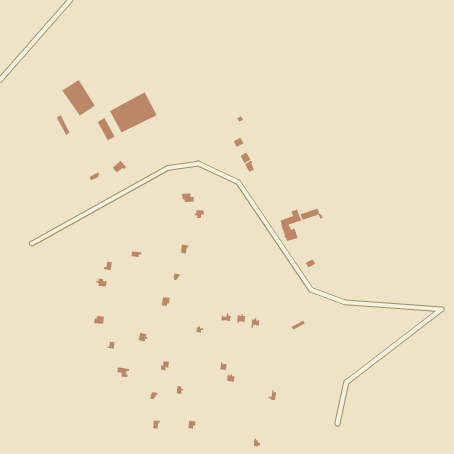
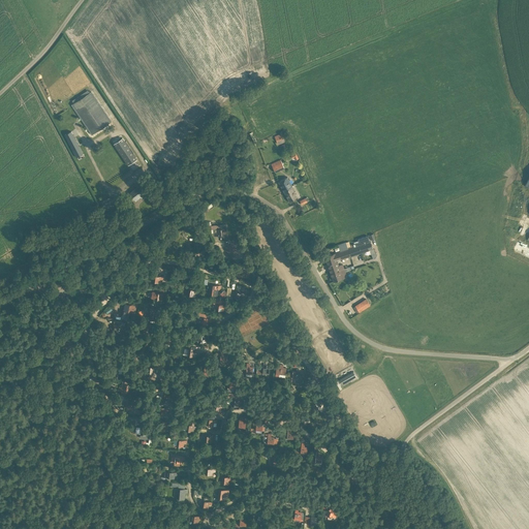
building: [109,92,157,133] -> none

